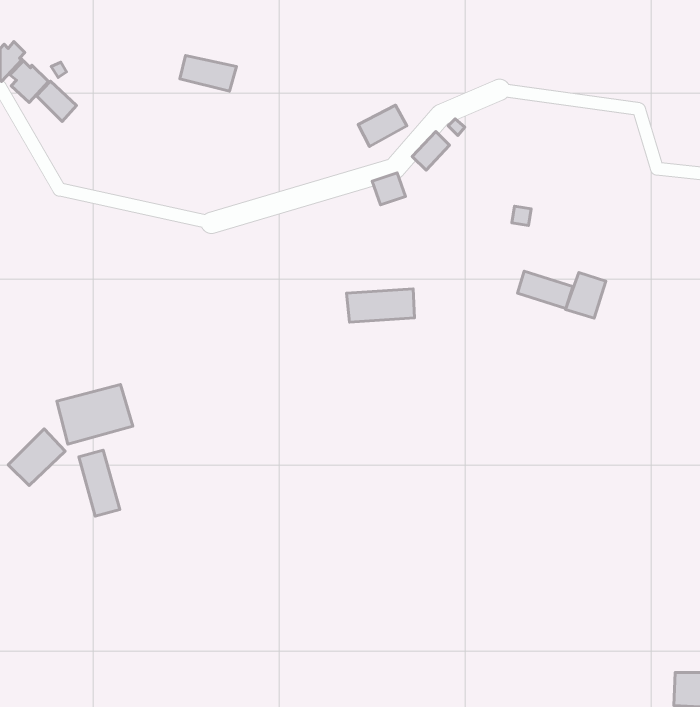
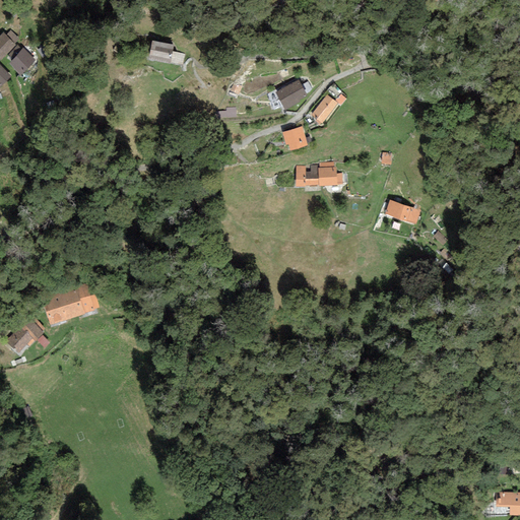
building: [36,81,77,121] -> none
building: [565,272,606,318] -> none
building: [347,289,414,322] -> [292,162,342,187]
building: [79,450,120,516] -> none

